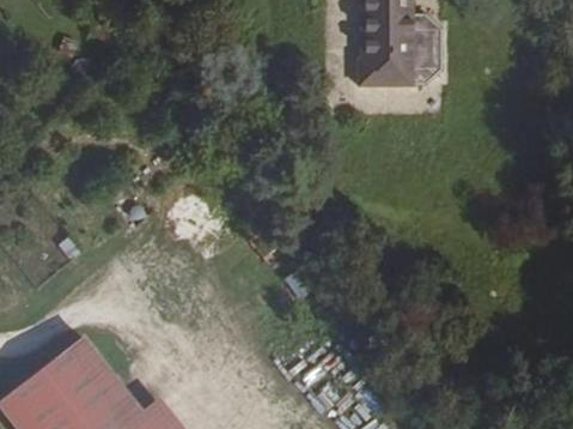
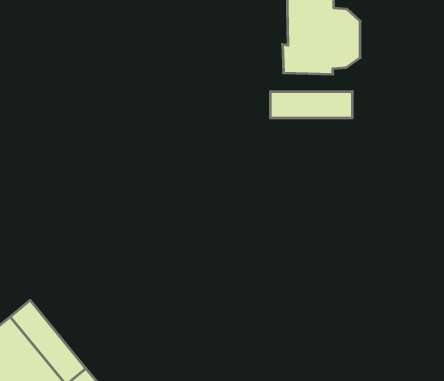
building: none -> [270,91,352,118]

